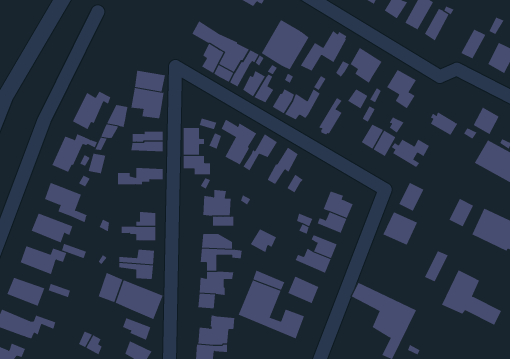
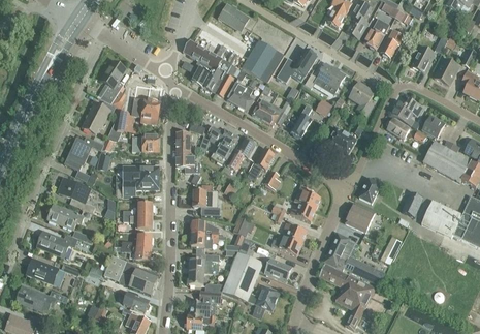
building: none -> [101,61,125,102]
building: [391,139,430,168] -> [388,100,421,125]
building: none -> [120,176,159,195]
building: [441,270,502,325] -> [322,232,374,279]

